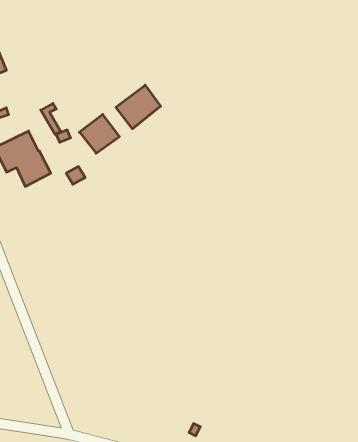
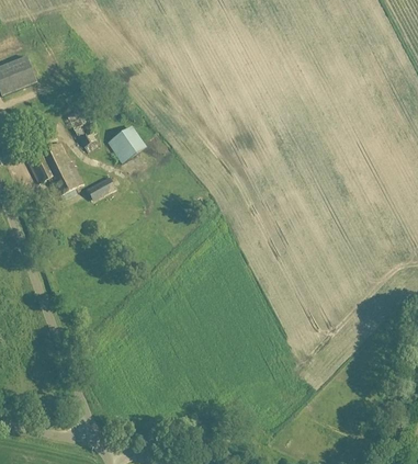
building: [116,85,161,129] -> none

